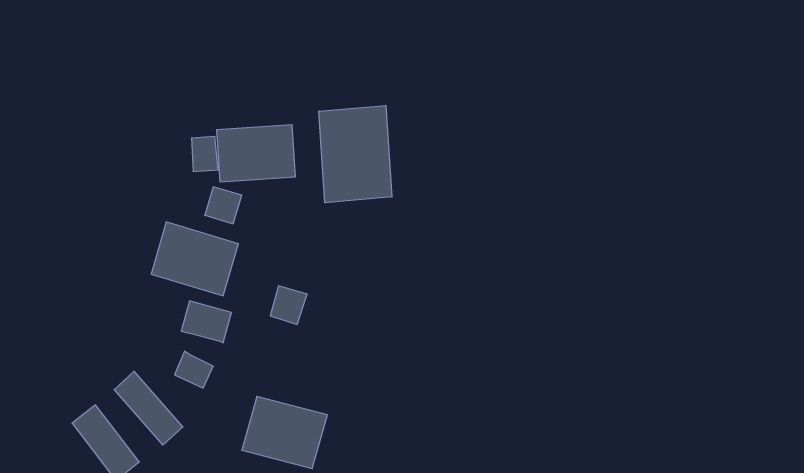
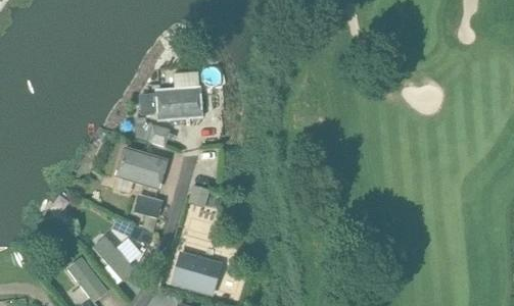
building: [319,105,392,203] -> none

